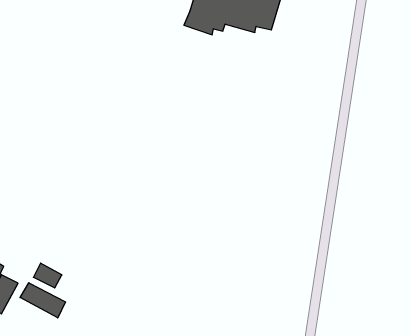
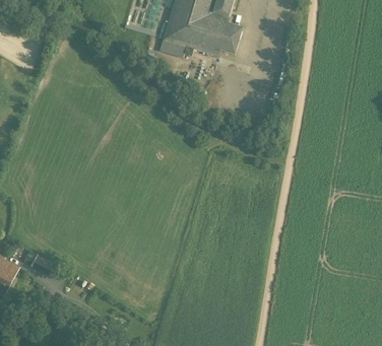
building: [20,283,66,318] -> none

